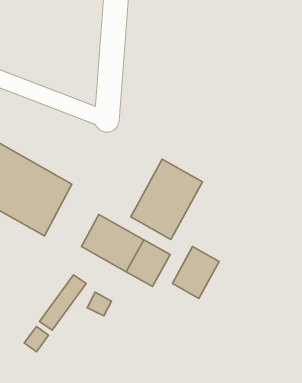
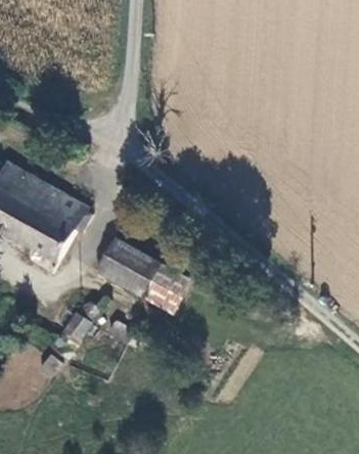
building: [131,159,202,239] -> none
building: [172,246,219,299] -> none

